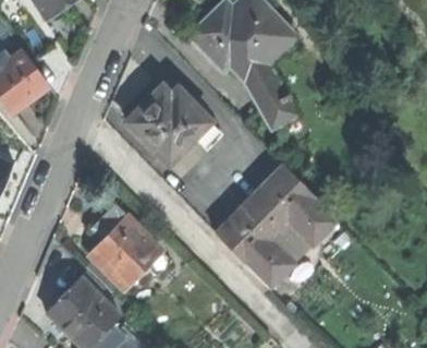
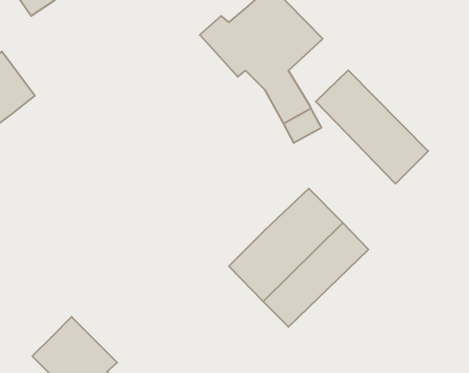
building: none -> [316,70,428,184]
building: [125,86,220,171] -> none
building: [89,206,171,288] -> none

